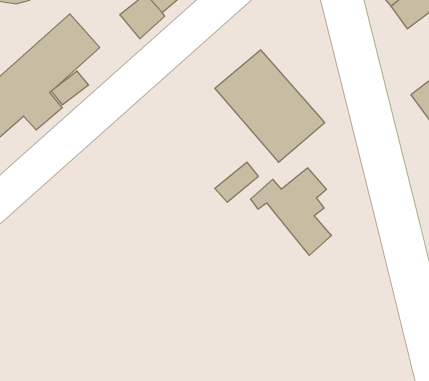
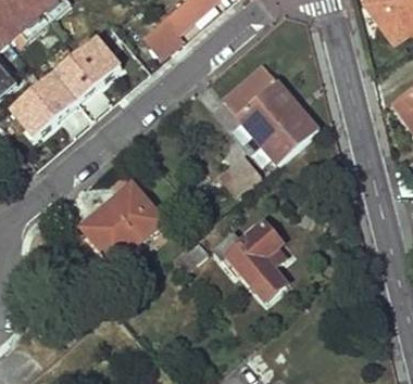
building: [250,168,332,255] -> [215,222,286,298]
building: none -> [79,183,162,261]

